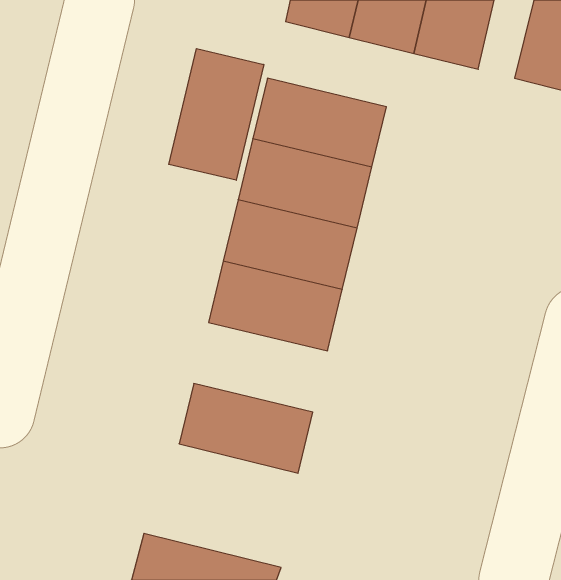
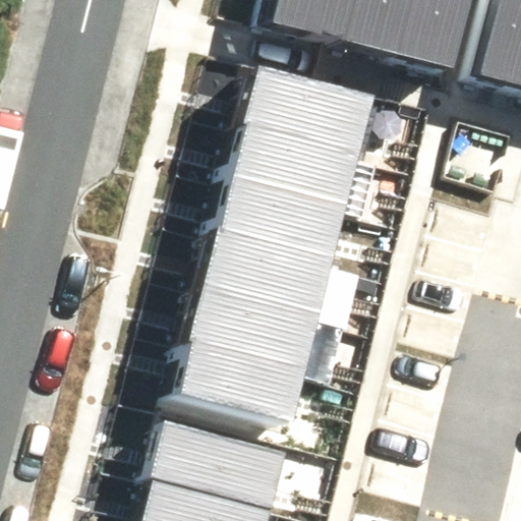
building: [169,49,264,180] -> none
building: none -> [190,289,310,369]
building: none -> [146,425,281,509]

